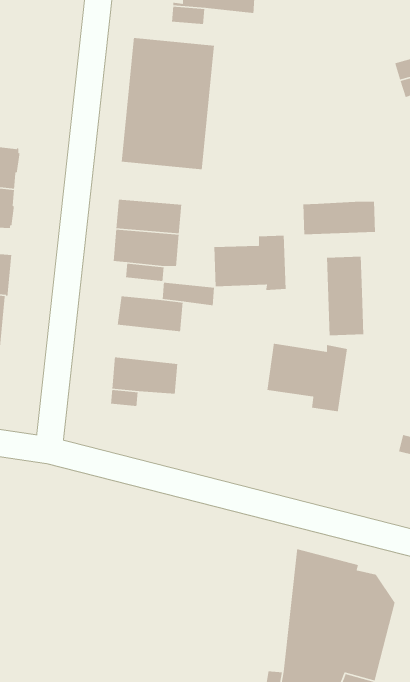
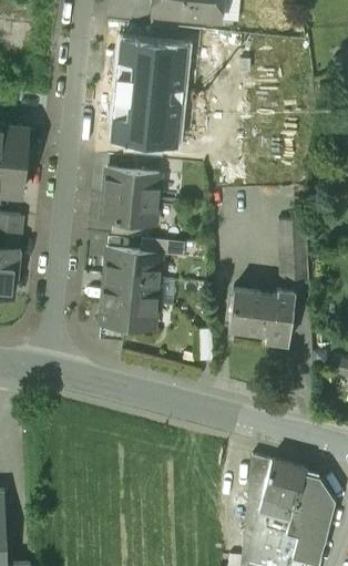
building: [303,201,376,235] -> none
building: [214,235,286,291] -> none
building: none -> [105,274,160,305]

